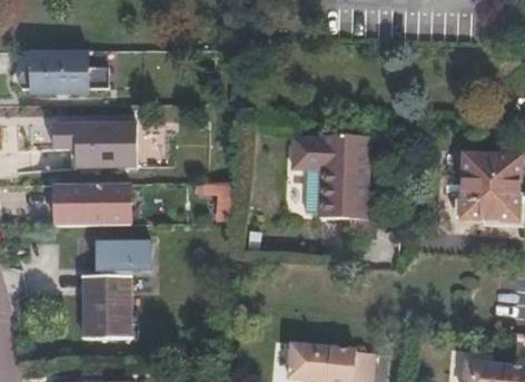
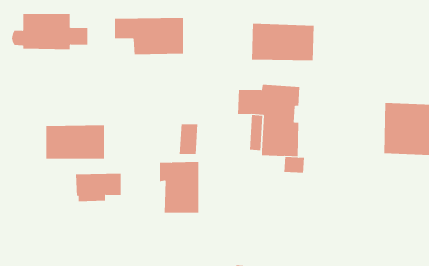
building: none -> [251,23,314,61]
building: [57,120,140,165] -> [114,18,184,55]
building: [82,272,130,334] -> [159,161,199,213]

